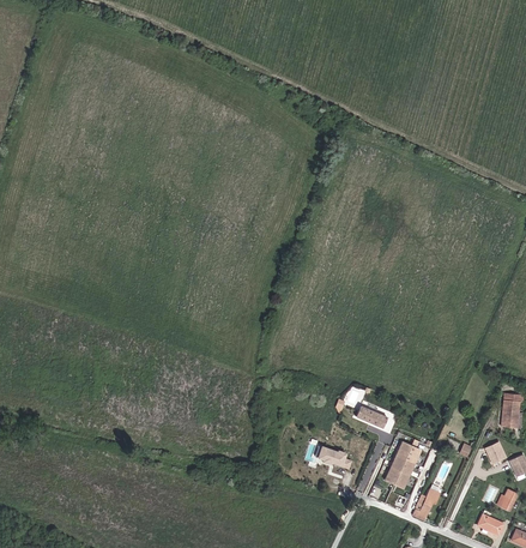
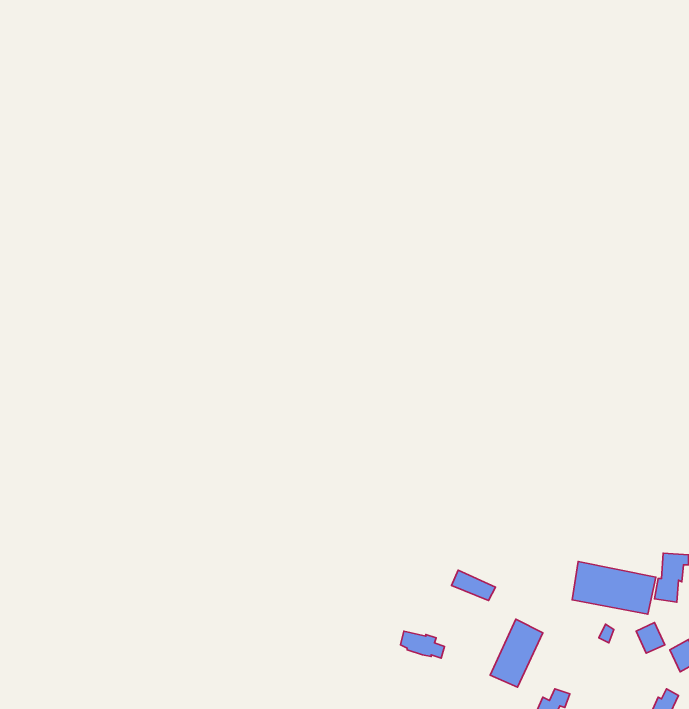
building: none -> [572,562,656,614]

